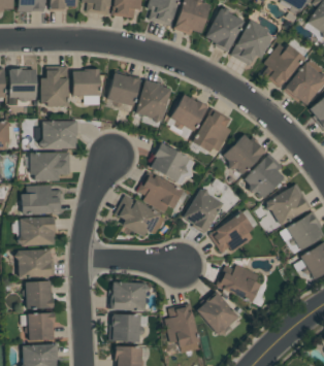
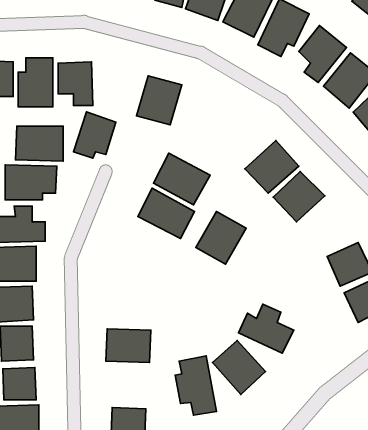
building: [106,72,140,109] -> [73,112,116,158]
building: [169,95,206,134] -> none
building: [195,109,231,155] -> none
building: [266,185,309,226] -> none
building: [115,196,166,237] -> none
building: [209,213,256,253] -> none
building: [109,314,140,342] -> none

